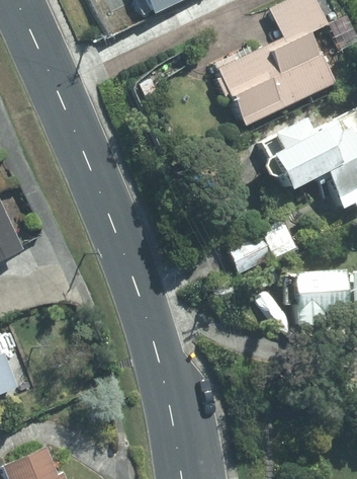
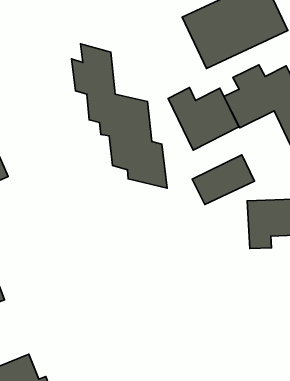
building: none -> [72,44,167,188]
building: none -> [168,88,239,150]

